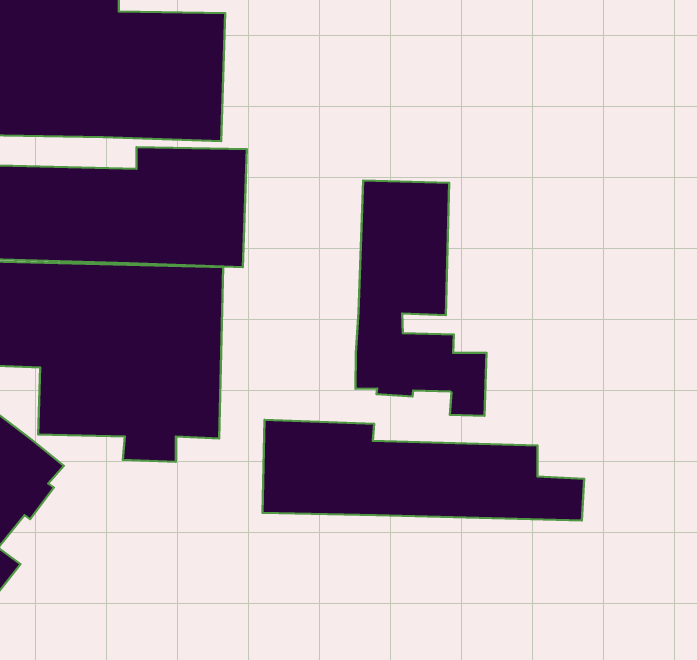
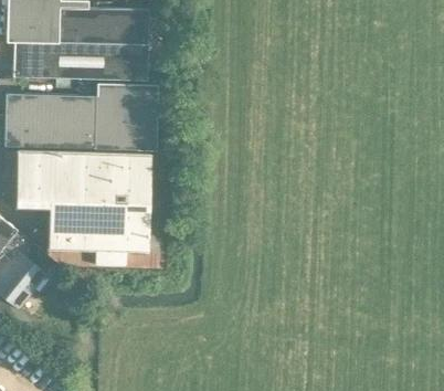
building: [355,181,486,416] -> none
building: [263,420,584,521] -> none

